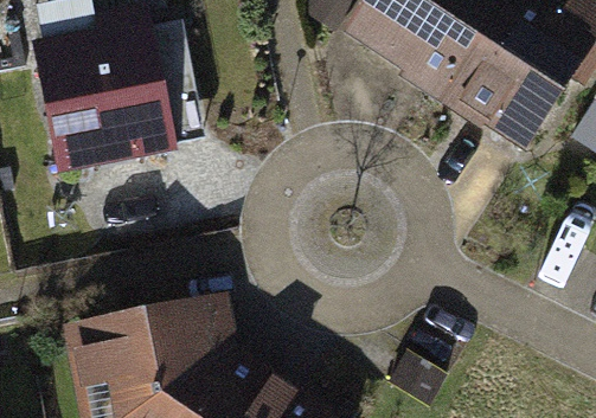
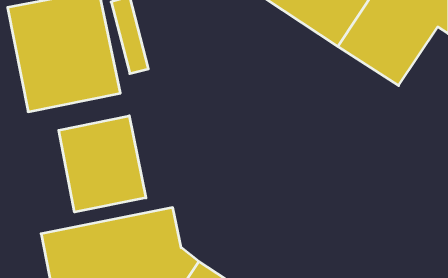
building: none -> [59,116,146,212]

